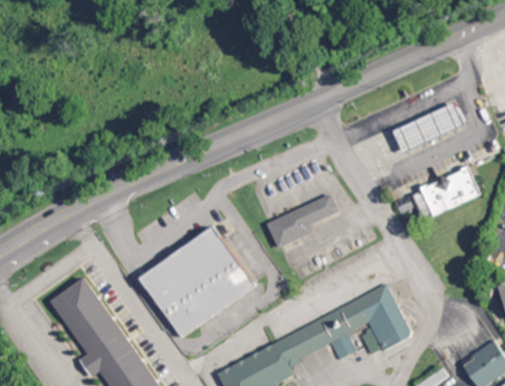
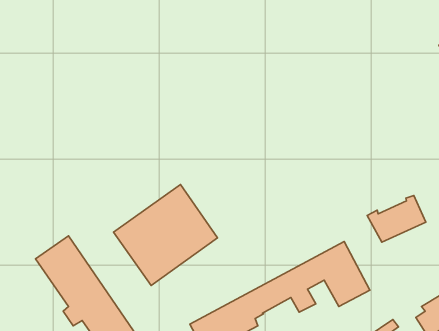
building: [388,104,460,152] -> none
building: [417,167,482,218] -> [367,195,426,242]
building: [266,193,339,249] -> none

